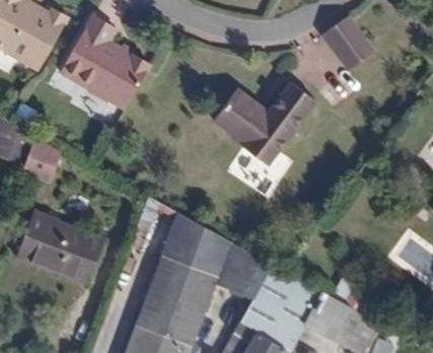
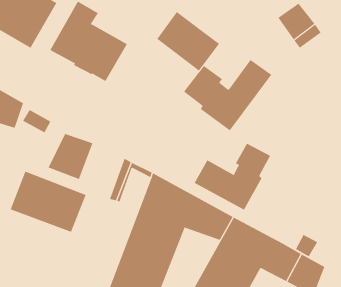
building: none -> [156,11,220,72]
building: none -> [48,133,93,180]
building: none -> [194,143,271,211]

